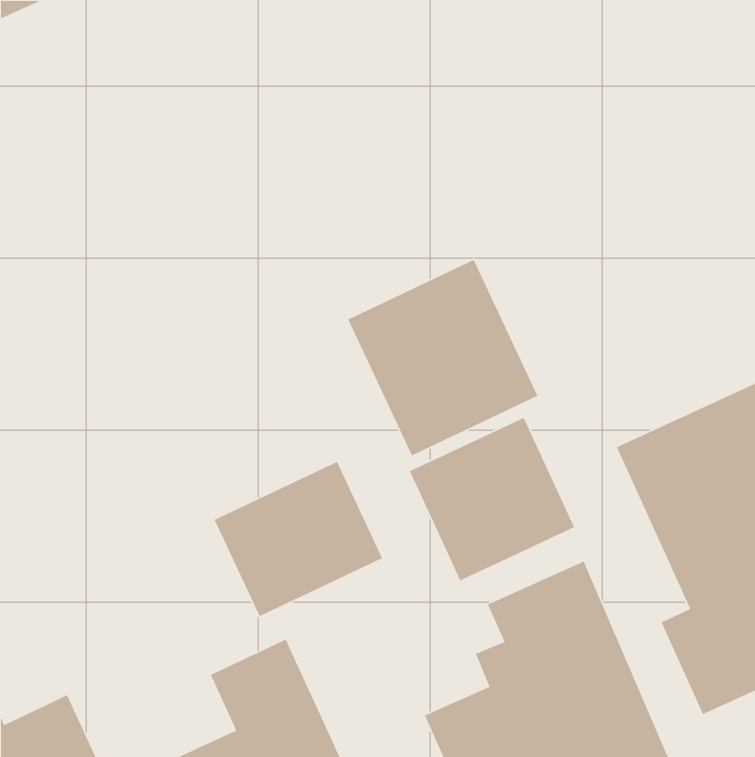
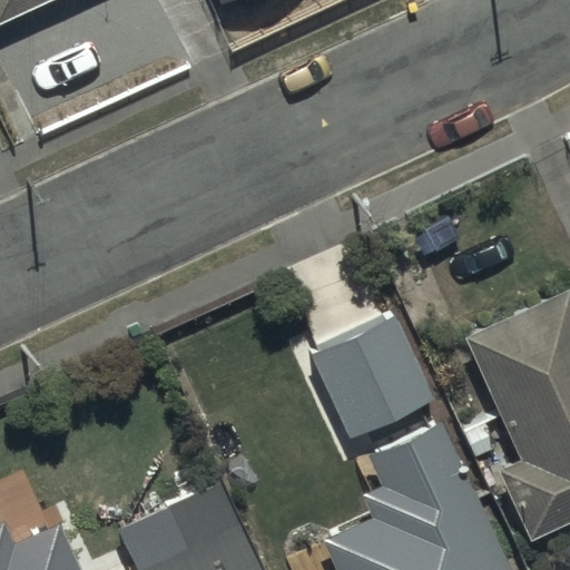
building: [347,259,538,456] -> none
building: [213,461,383,617] -> none

